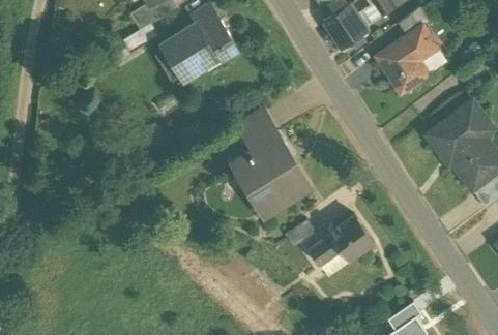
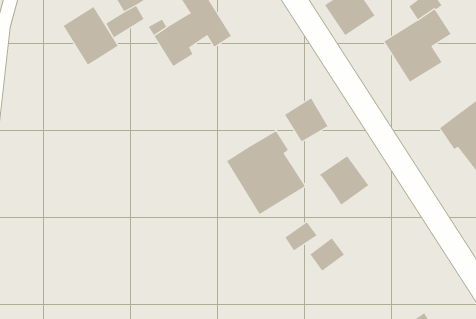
building: none -> [63,6,119,65]
building: [238,111,279,151] -> [284,98,328,142]
building: [328,215,374,261] -> [319,156,369,206]

